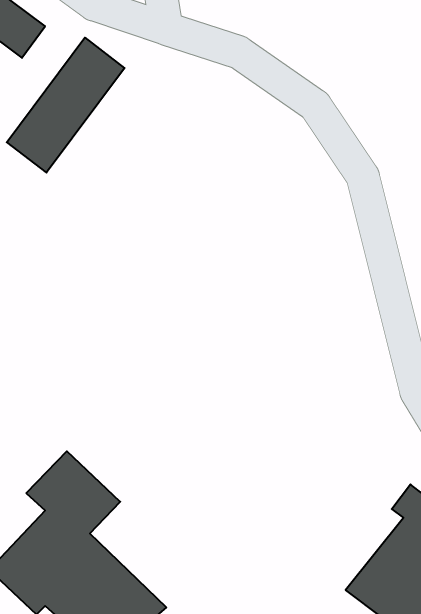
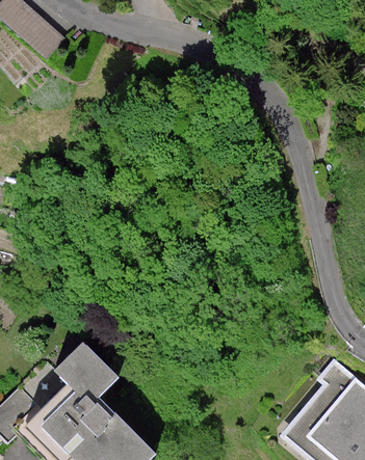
building: [7,38,125,173] -> none

